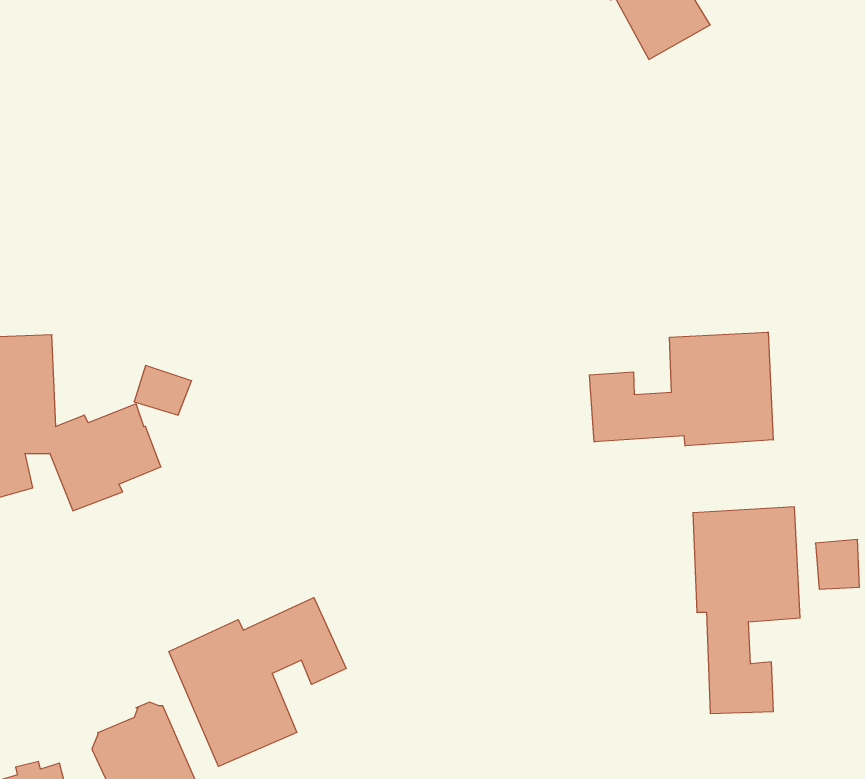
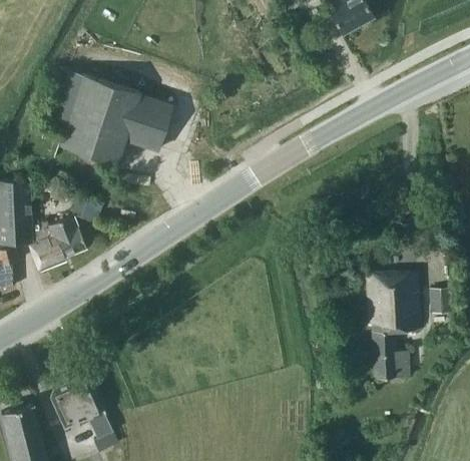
building: none -> [39,67,171,164]
building: [590,332,773,446] -> none
building: [169,598,346,766] -> none

